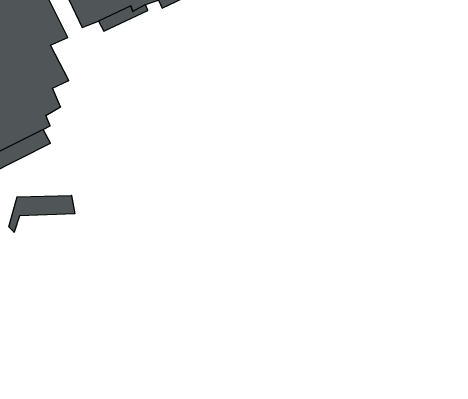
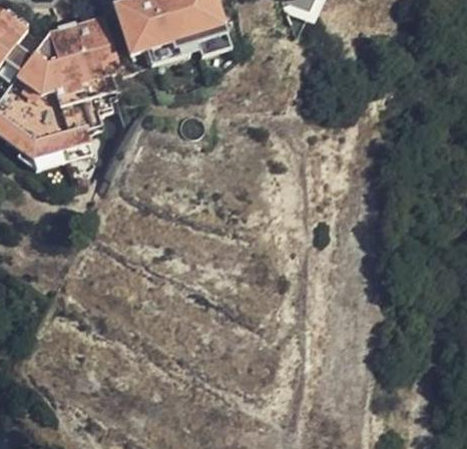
building: [9,195,75,232] -> none

